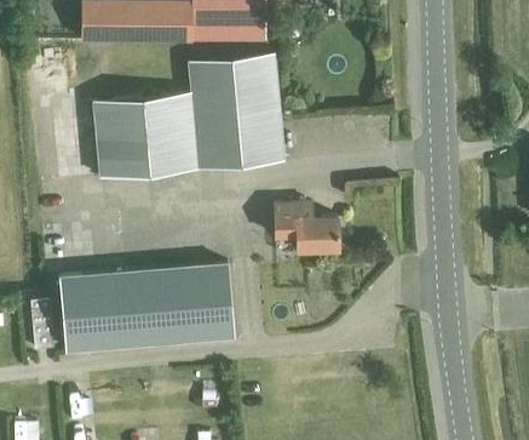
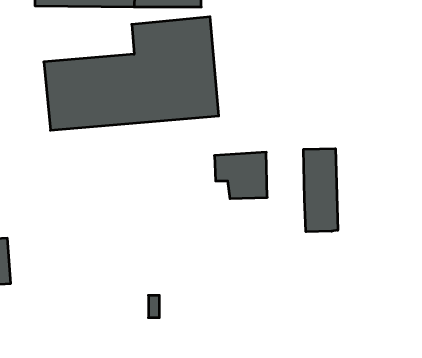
building: none -> [304,149,338,232]
building: [58,264,234,352] -> none

